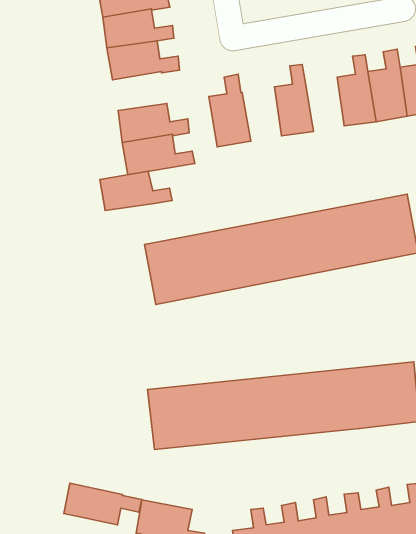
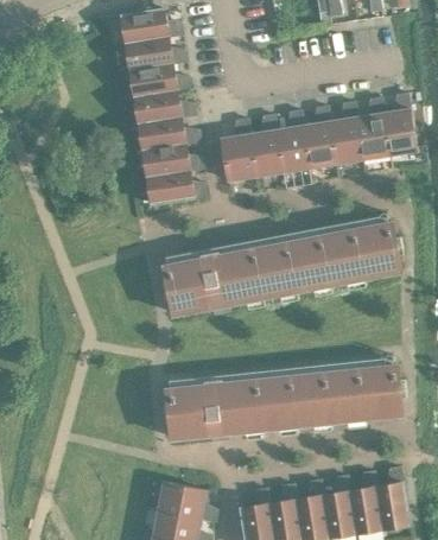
building: none -> [301,106,335,167]
building: none -> [248,114,281,176]
building: [100,171,172,210] -> [138,116,199,150]
building: [64,483,142,525] -> none

